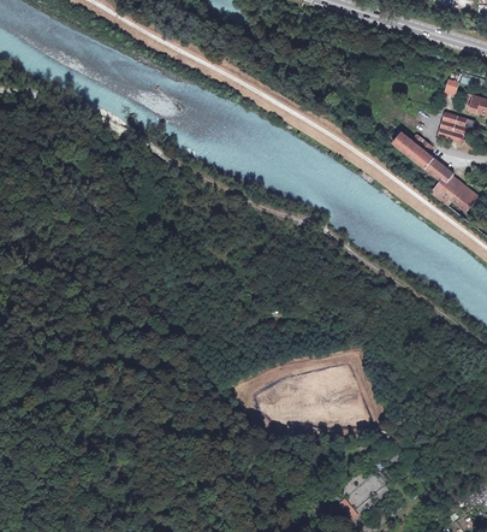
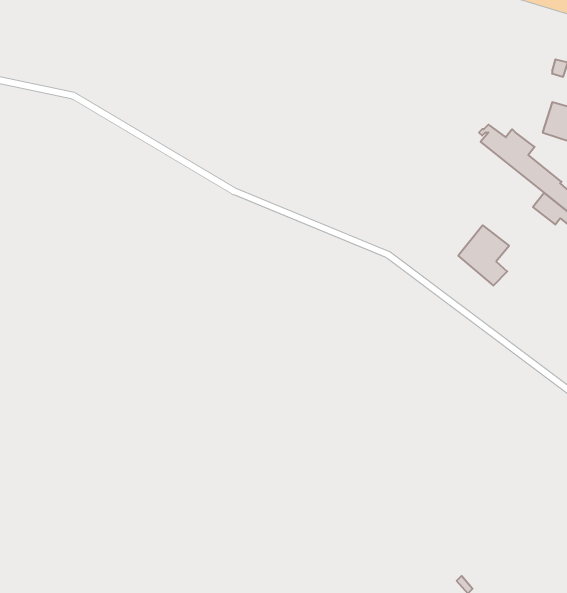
building: none -> [458,225,509,286]

